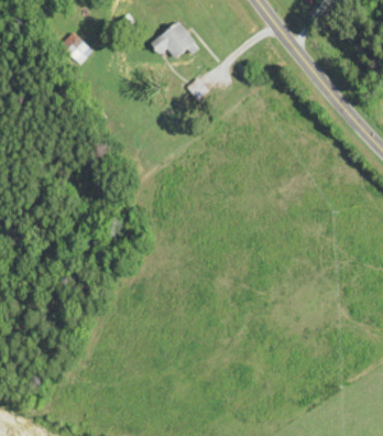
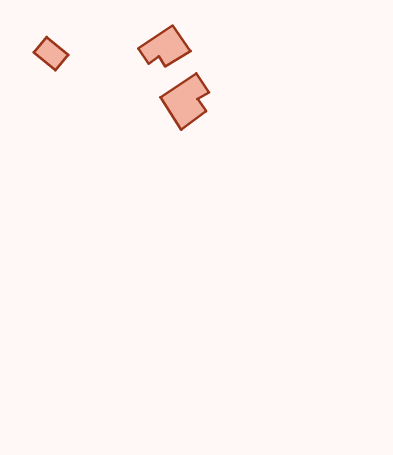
building: none -> [160,73,209,130]

